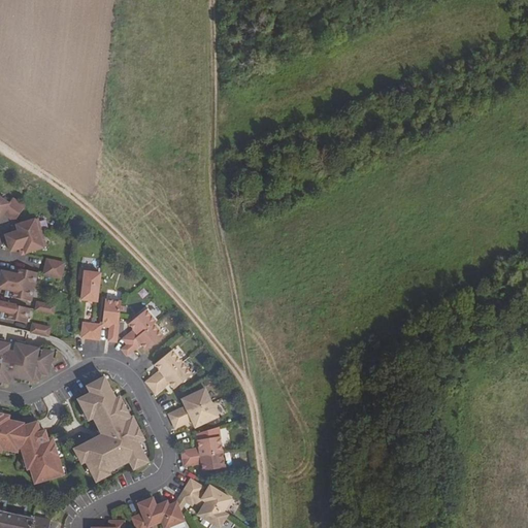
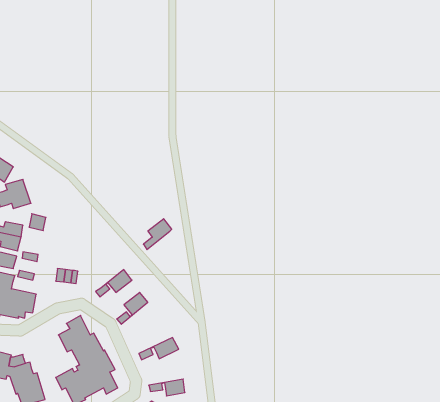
building: [78,266,100,300] -> none
building: [99,297,121,341] -> none
building: [123,308,156,344] -> [143,219,172,250]
building: [151,361,192,393] -> none
building: [168,388,210,421] -> none
building: [182,436,223,458] -> none

